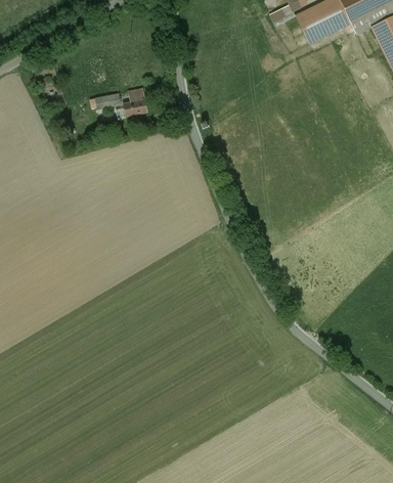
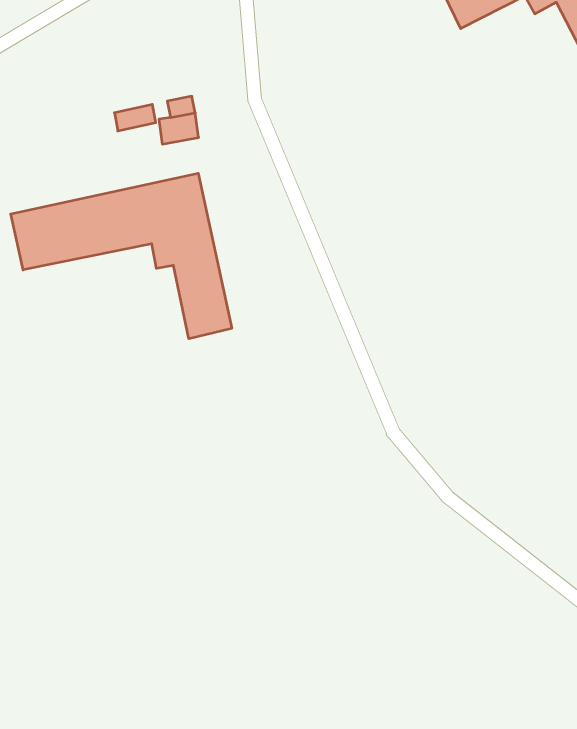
building: none -> [11,173,232,339]

